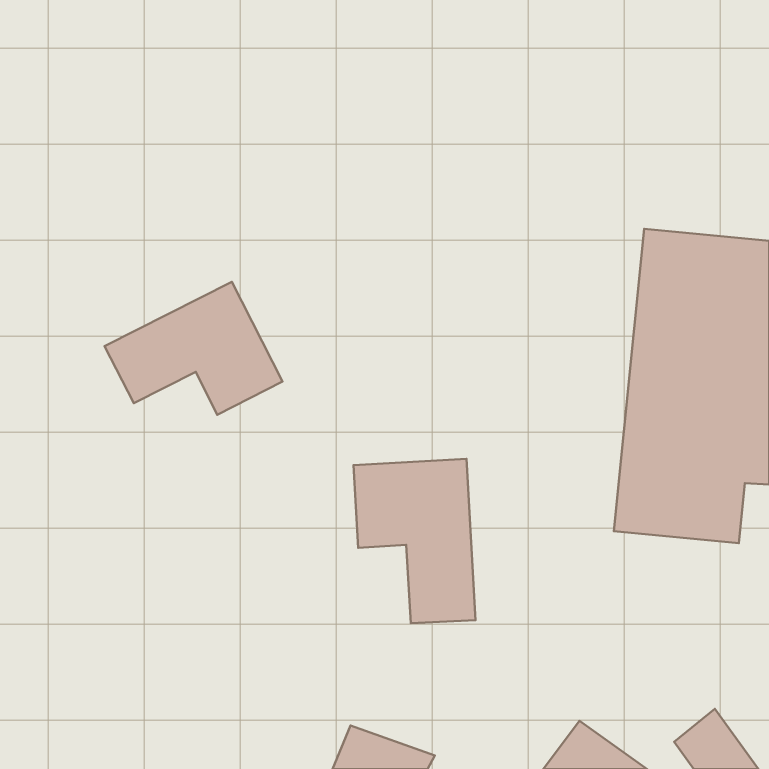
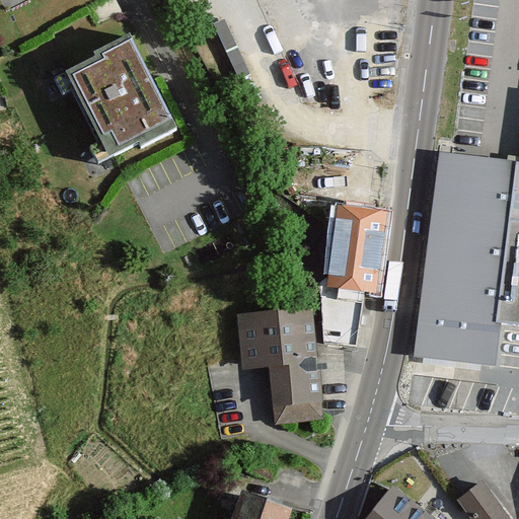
building: none -> [55,40,175,166]
building: [104,282,283,415] -> none
building: none -> [319,204,389,345]

